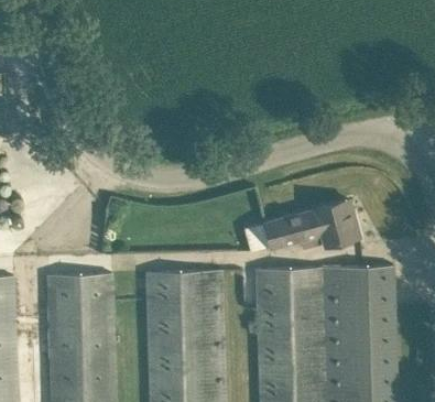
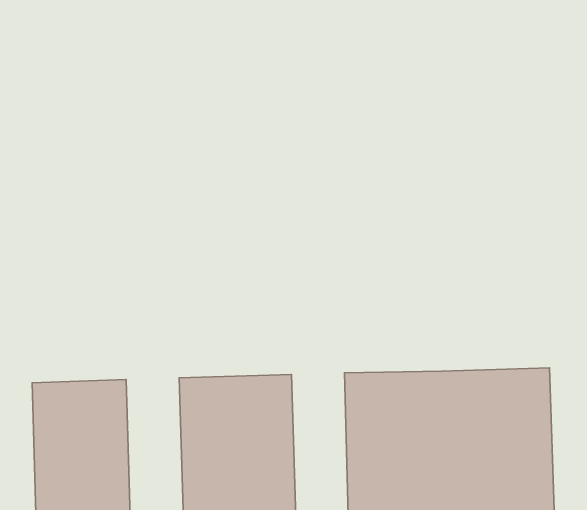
building: [263,203,358,250] -> none

